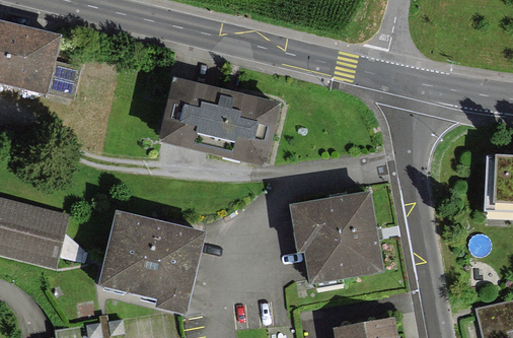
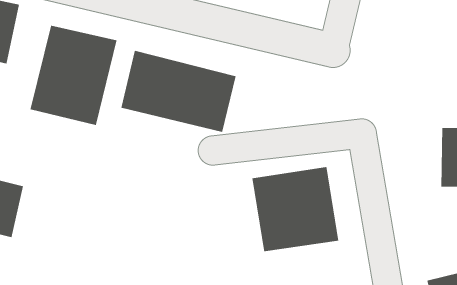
building: none -> [30,25,117,126]
building: [99,209,204,311] -> none

